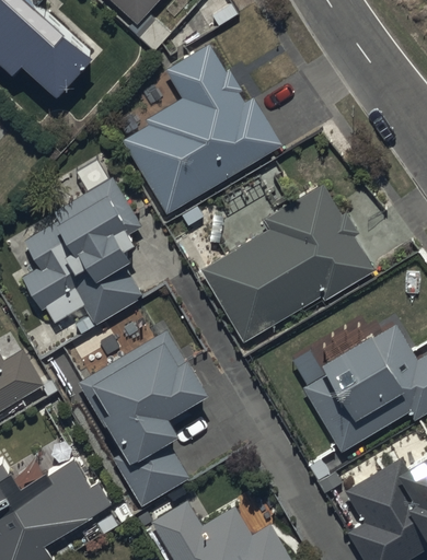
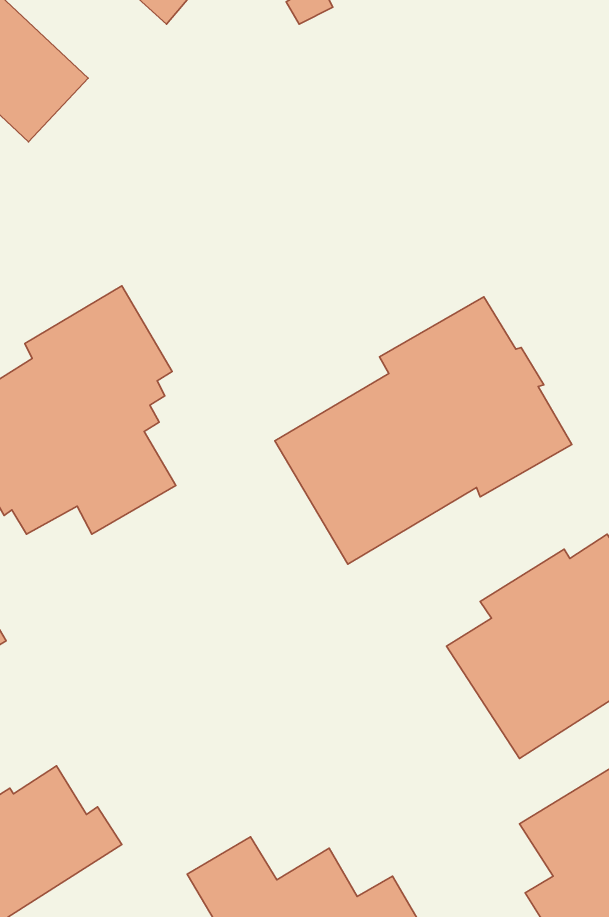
building: [124,46,281,226] -> none
building: [78,331,209,508] -> none

